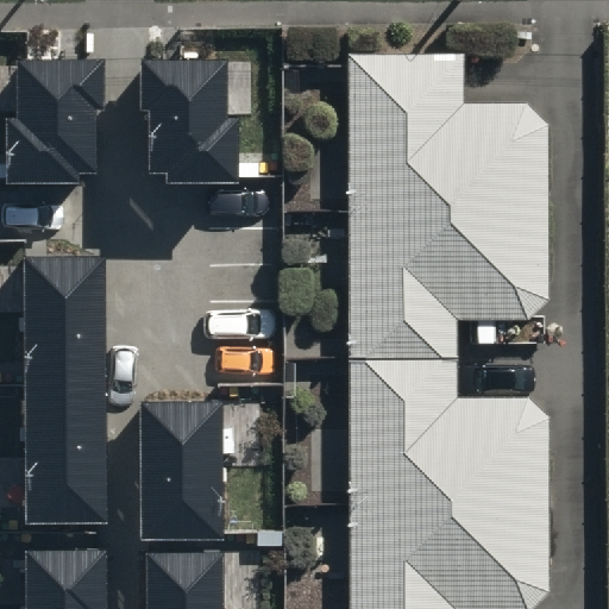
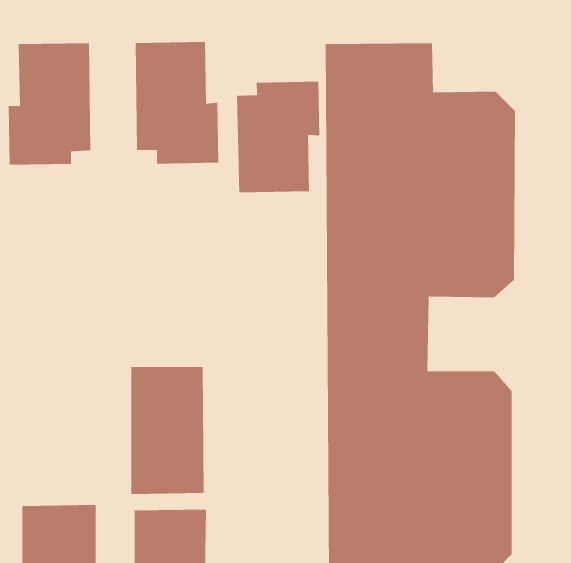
building: none -> [236,81,320,193]
building: [23,252,102,516] -> none

